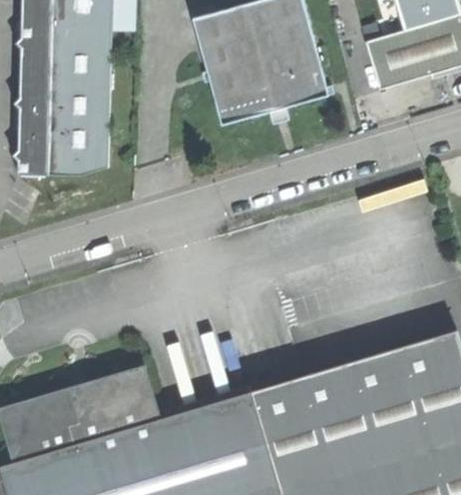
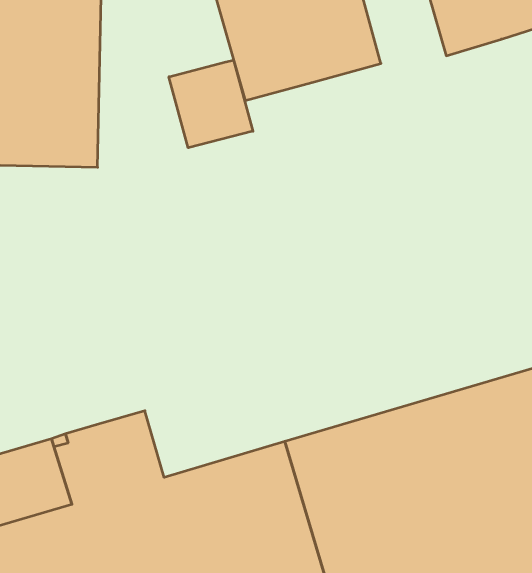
building: none -> [169,60,253,148]

